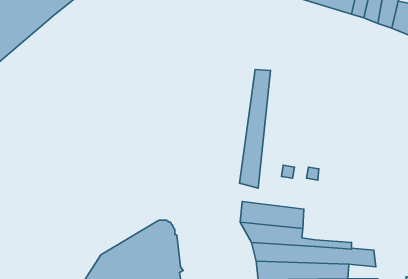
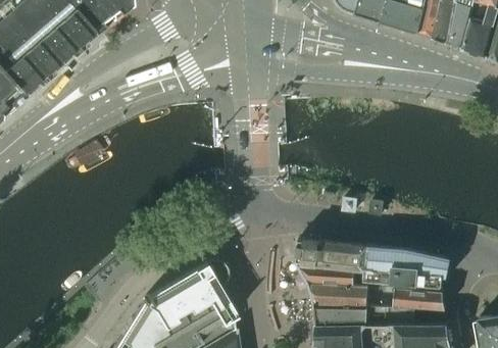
building: [239,70,271,188] -> none
building: none -> [365,248,449,287]

